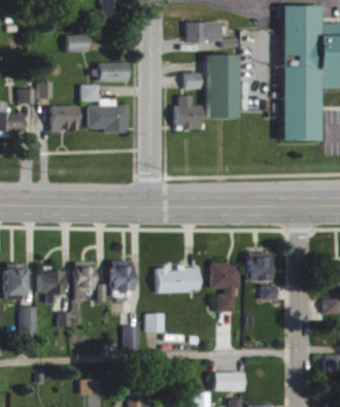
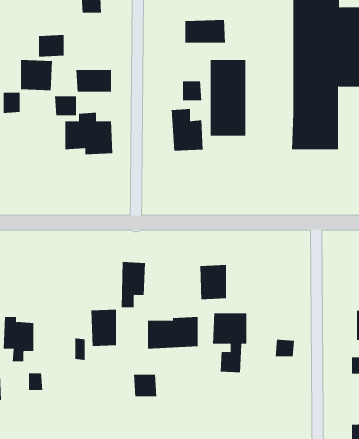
building: [52,106,78,132] -> [20,60,53,91]
building: [247,253,270,282] -> [199,265,227,300]
building: [73,263,94,301] -> [121,262,146,308]
building: [124,327,140,351] -> none

